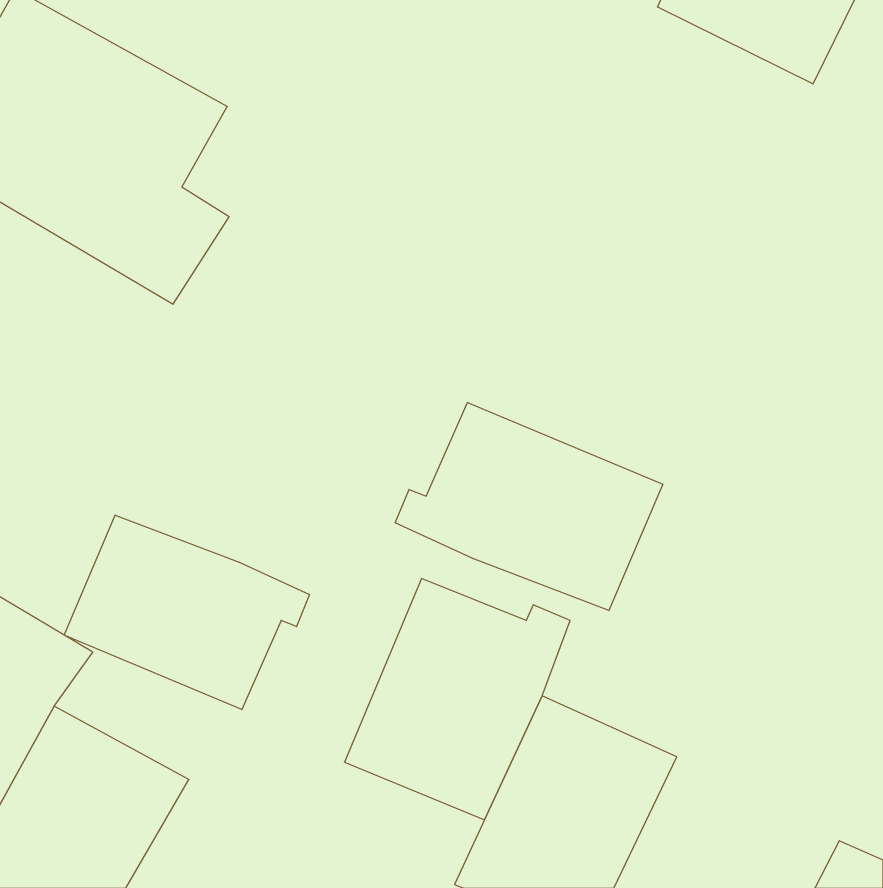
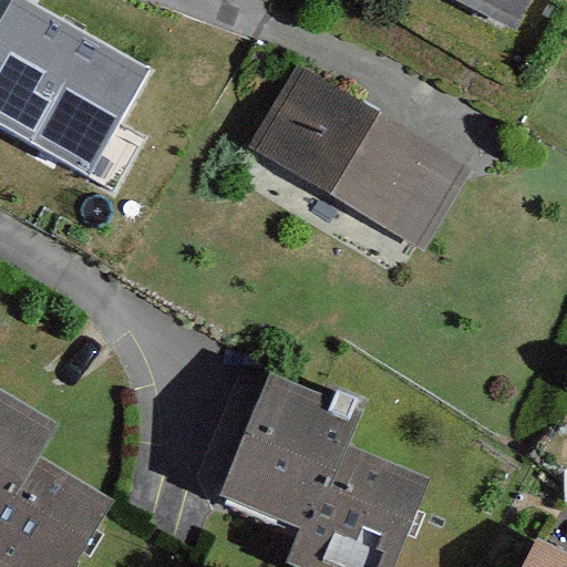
building: none -> [248,76,461,256]
building: [395,402,663,611] -> none
building: [64,515,310,710] -> none

